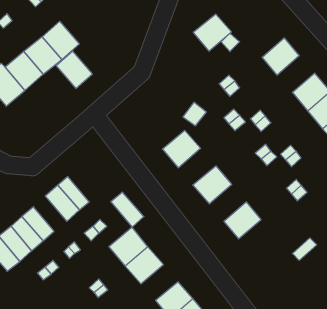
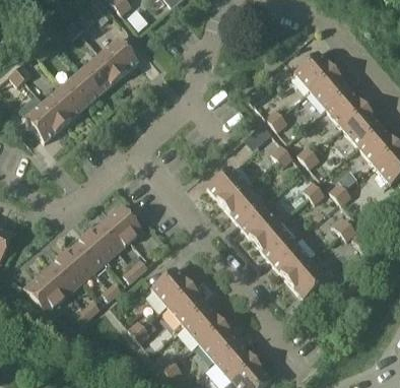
building: [193,14,231,51] -> [294,52,334,90]
building: [56,51,92,88] -> [101,38,138,76]
building: none -> [326,88,365,127]
building: none -> [223,185,263,223]
building: none -> [256,222,294,261]
building: [111,192,144,227] -> [109,204,143,241]
building: none -> [73,235,108,271]
building: none -> [286,259,327,299]
building: none -> [185,306,223,343]

